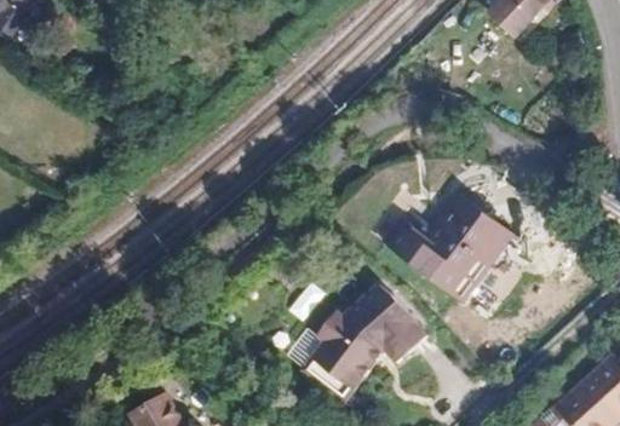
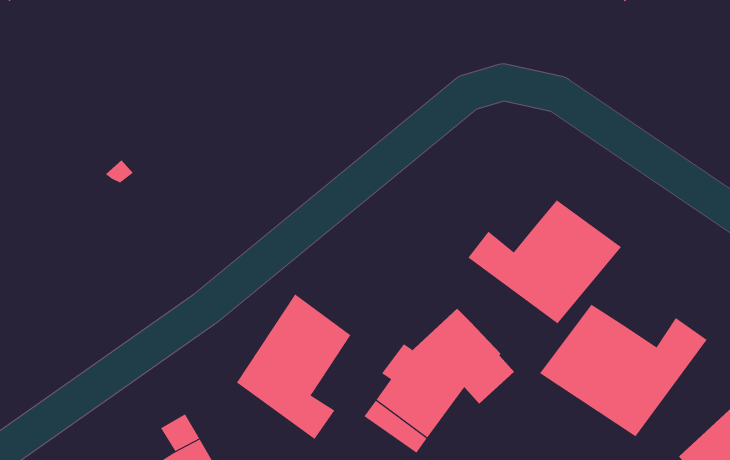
building: none -> [236,294,351,440]
building: none -> [539,304,708,437]

